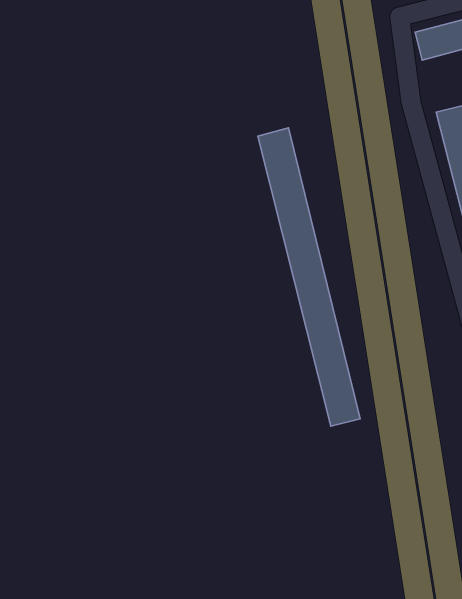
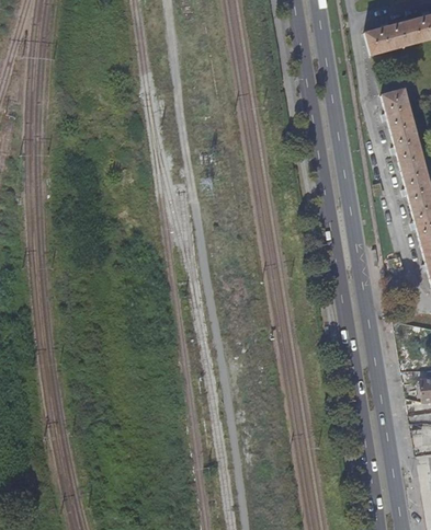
building: [258,128,360,426] -> none

